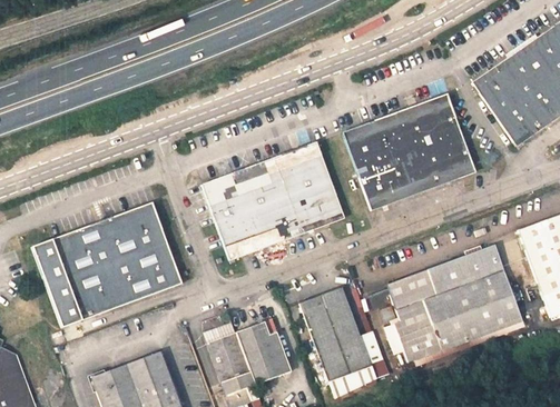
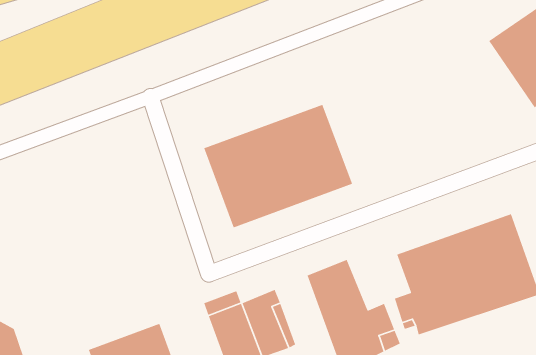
building: [341,92,475,209] -> none
building: [31,205,180,326] -> none

